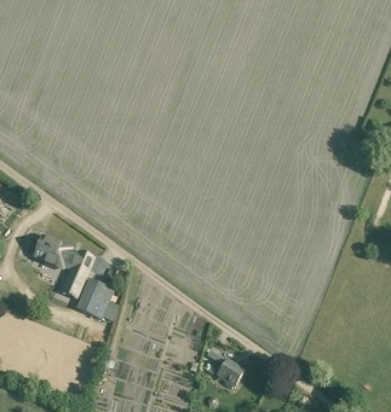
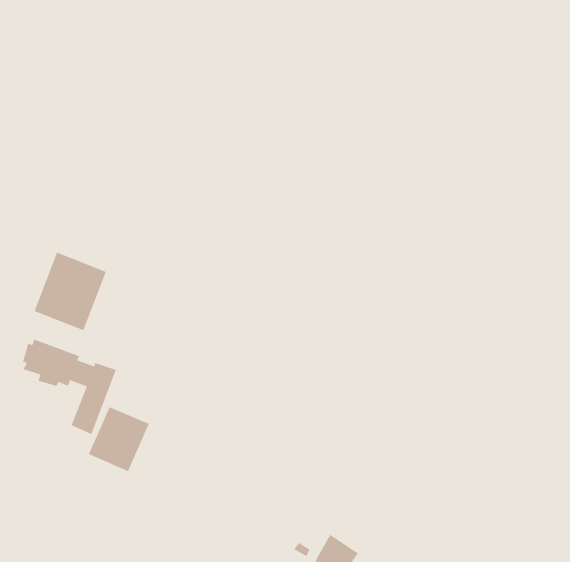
building: none -> [34,252,107,331]

